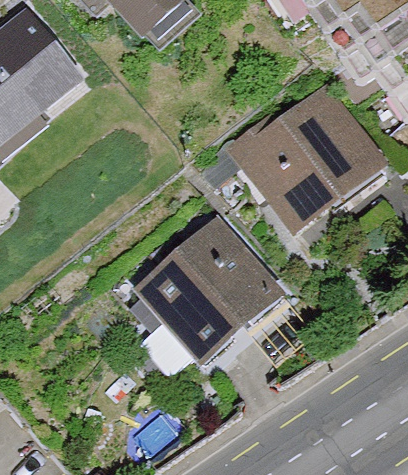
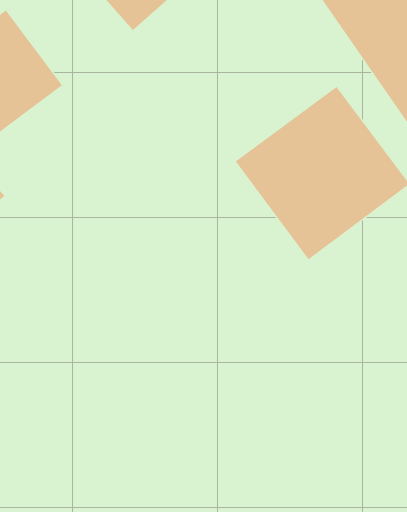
building: [129,209,290,369] -> none

